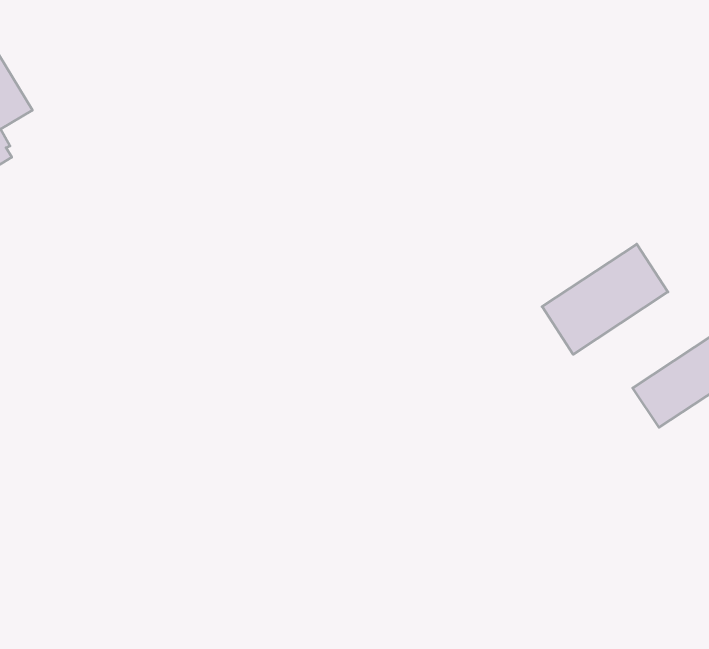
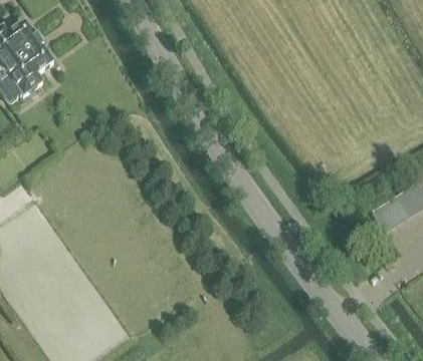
building: [542,244,668,354] -> none

